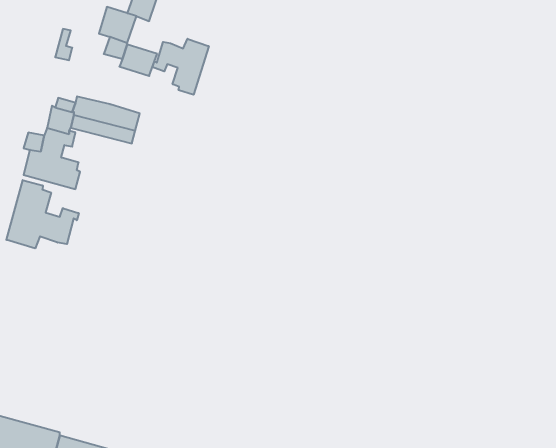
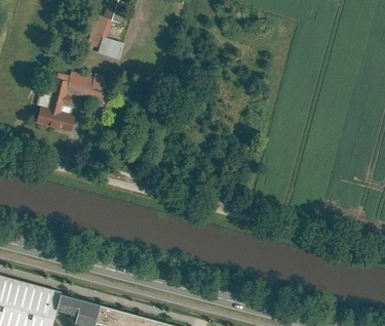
building: [153,39,209,95] -> none
building: [6,180,79,248] -> none

